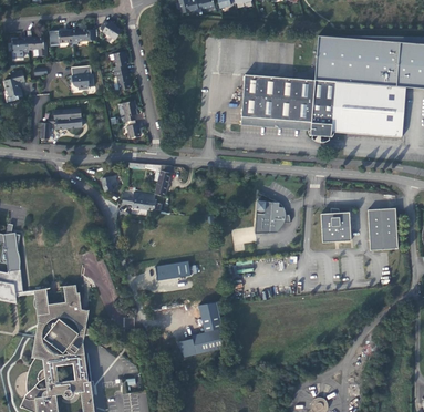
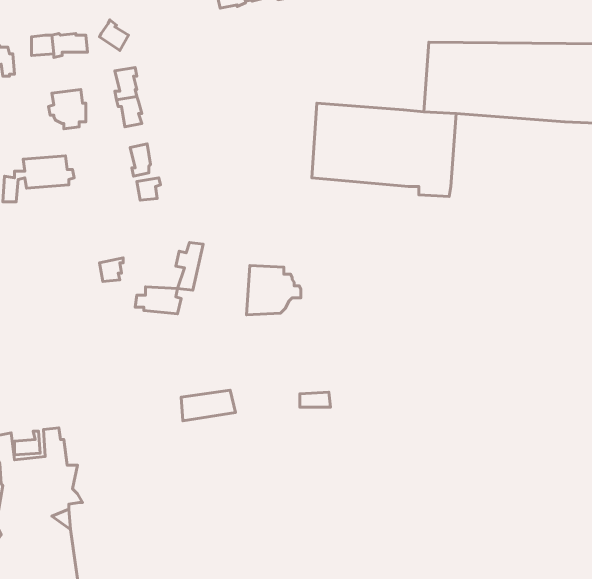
building: [331,81,405,136] -> none
building: [254,202,289,234] -> [246,266,301,315]
building: [365,208,396,250] -> none
building: [319,212,349,243] -> none
building: [176,302,226,359] -> none

